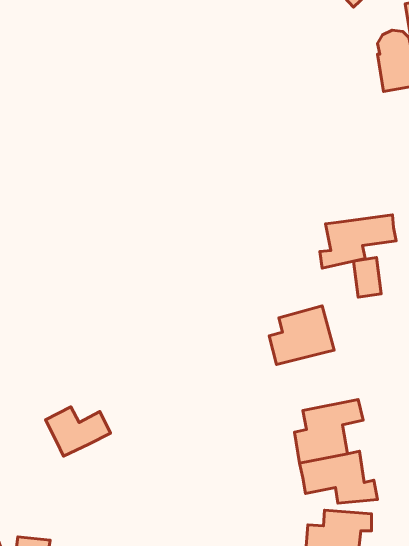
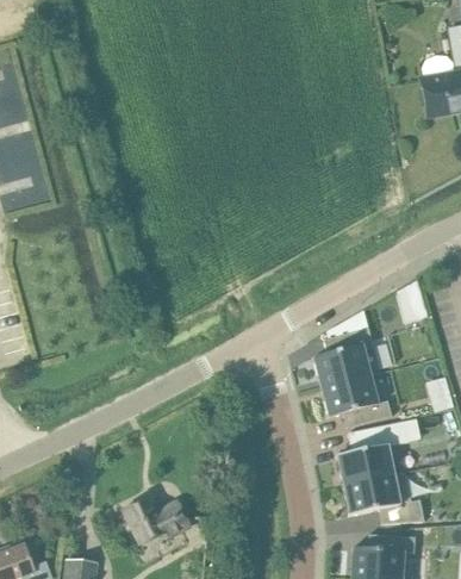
building: [320,215,396,268] -> none
building: none -> [322,375,390,427]
building: [46,407,111,456] -> [123,497,187,546]

